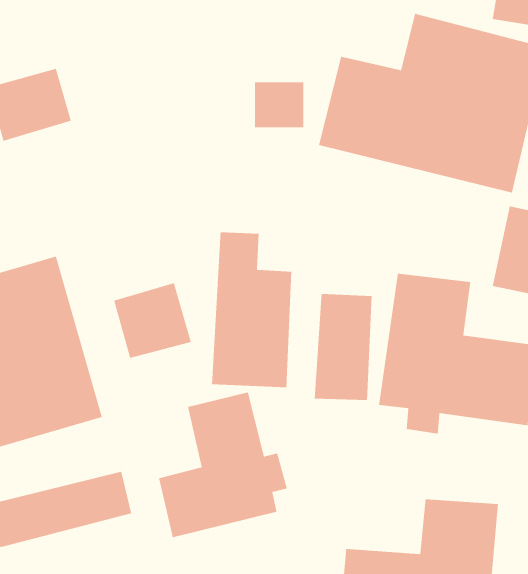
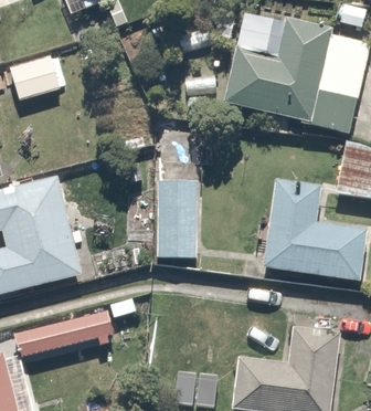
building: [113,282,192,359] -> none
building: [314,293,373,401] -> none
building: [158,391,288,538] -> none

